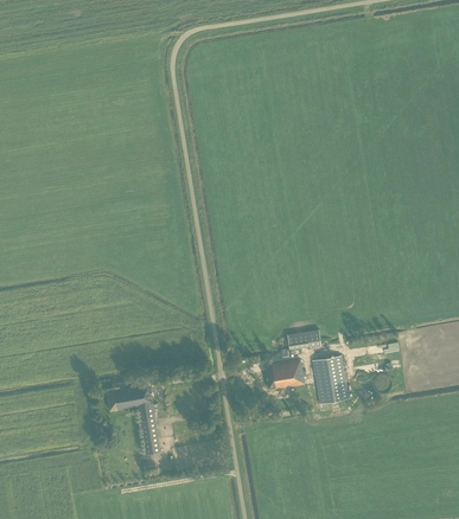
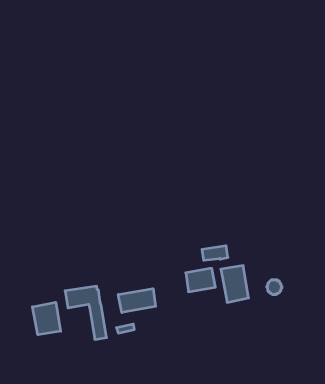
building: none -> [118,289,156,313]
building: none -> [32,302,61,335]

